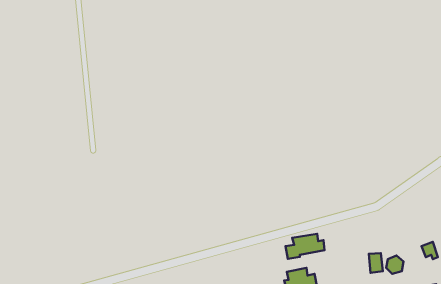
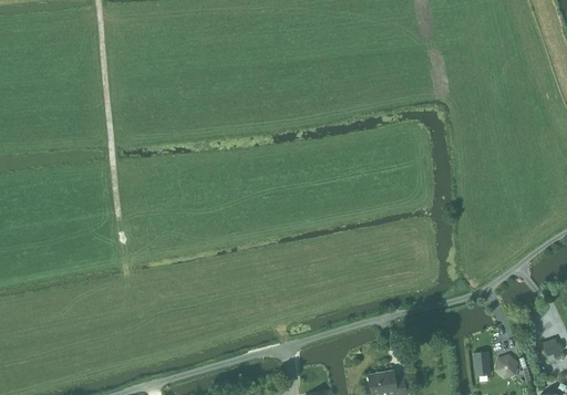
building: [286,234,324,259] -> none

